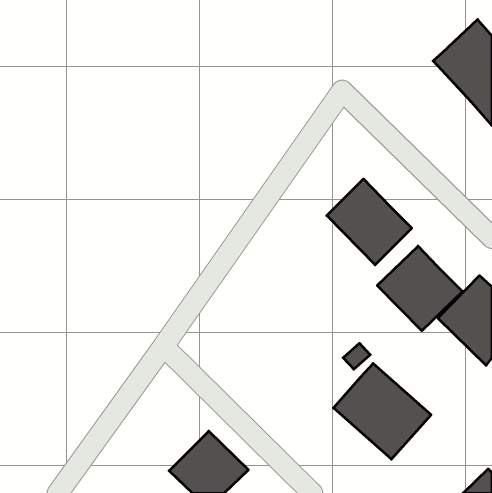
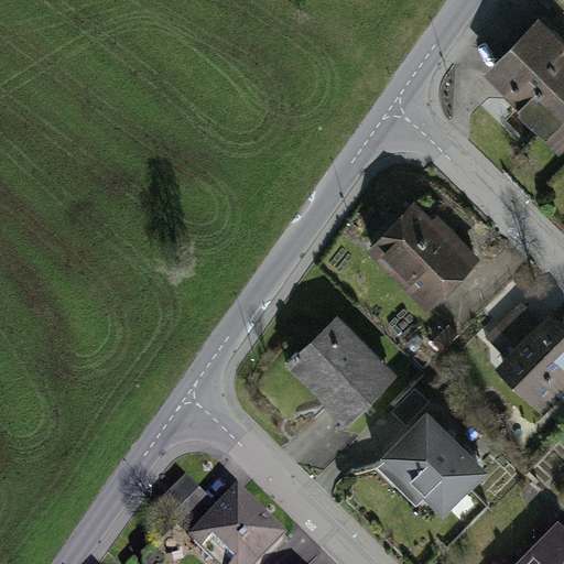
building: [377,246,463,331] -> none
building: none -> [294,318,390,414]

